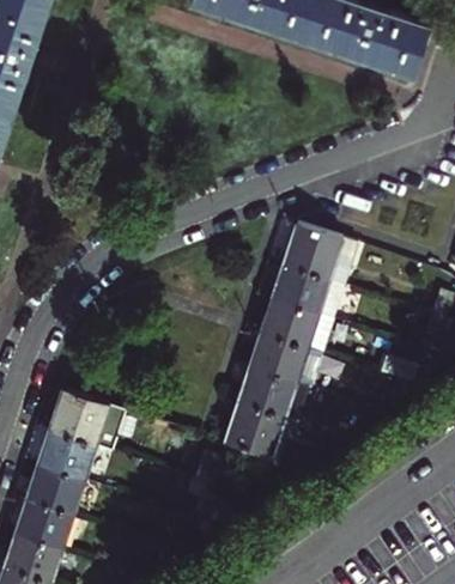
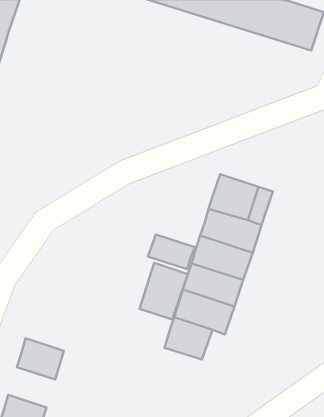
building: none -> [148,234,195,269]
building: none -> [139,263,188,319]
building: [50,393,129,451] -> none
building: [29,467,87,517] -> none

